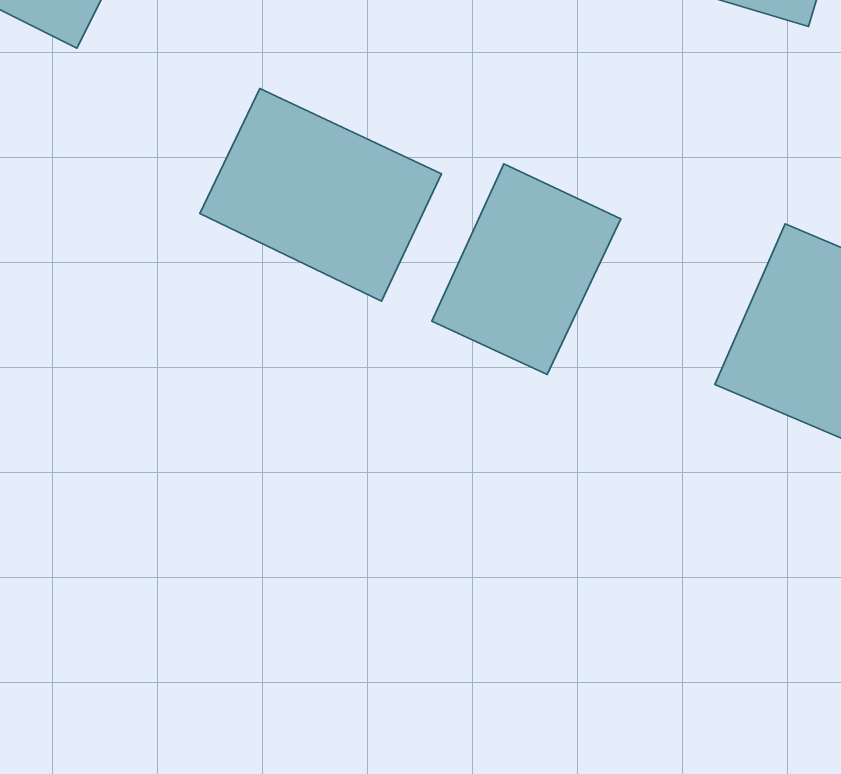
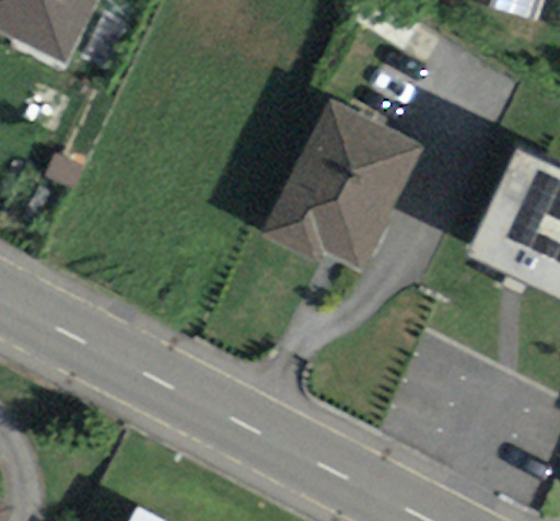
building: [200,89,441,301] -> none

